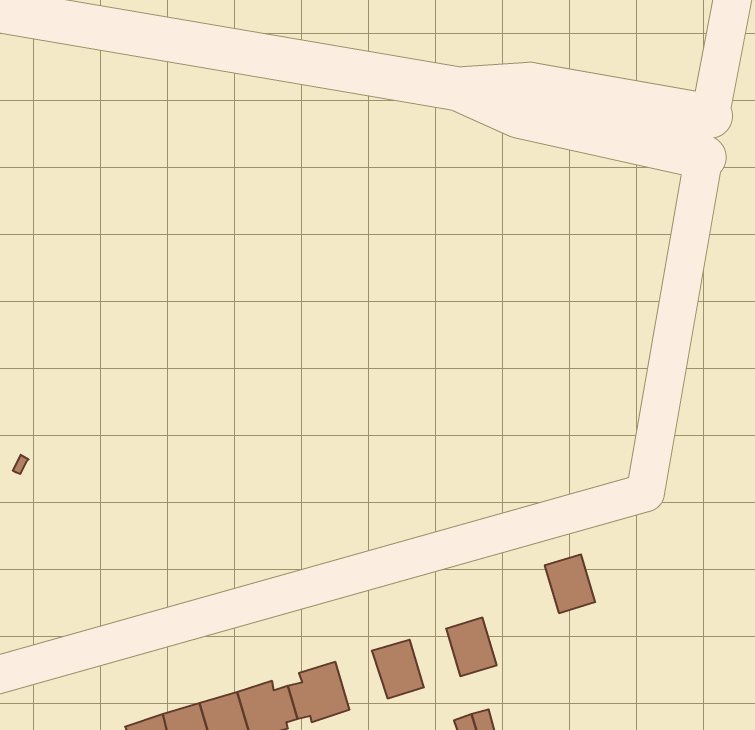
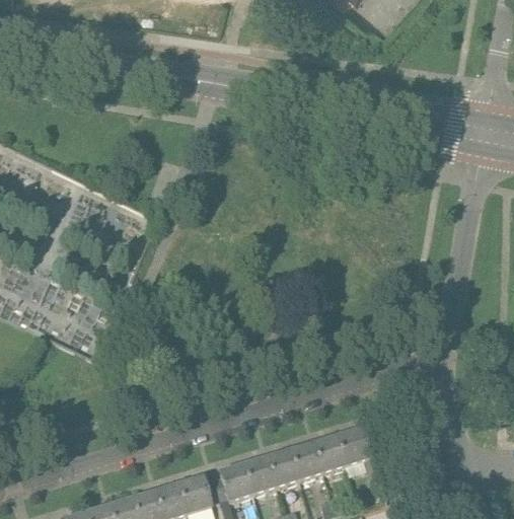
building: [545,554,595,613] -> [336,427,368,464]
building: none -> [289,441,321,478]
building: none -> [241,455,275,493]

